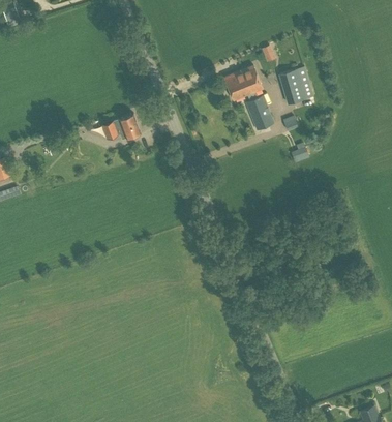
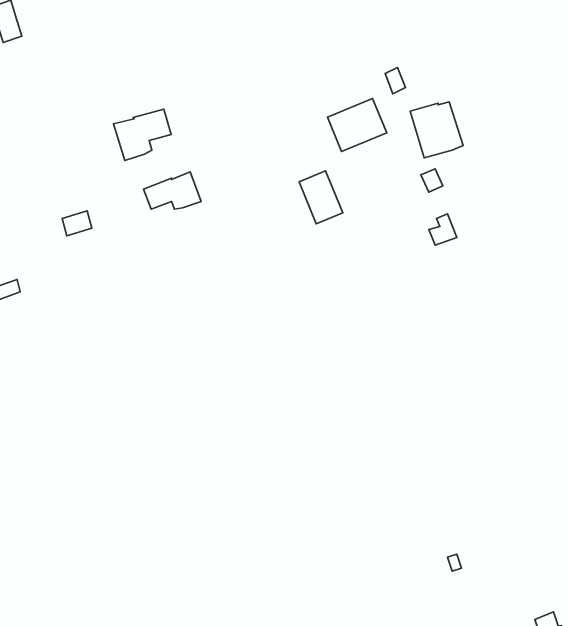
building: none -> [114,109,171,161]
building: [245,96,274,131] -> [299,171,343,224]

